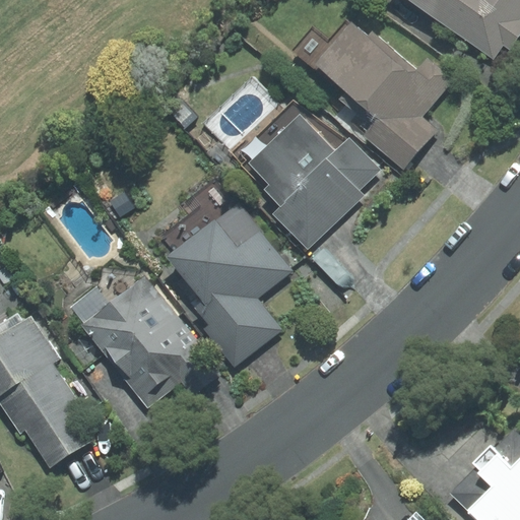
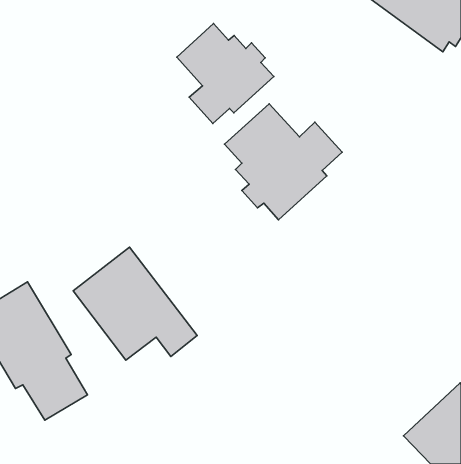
building: [316,21,454,170] -> none
building: none -> [177,24,274,123]
building: [159,214,291,364] -> none

